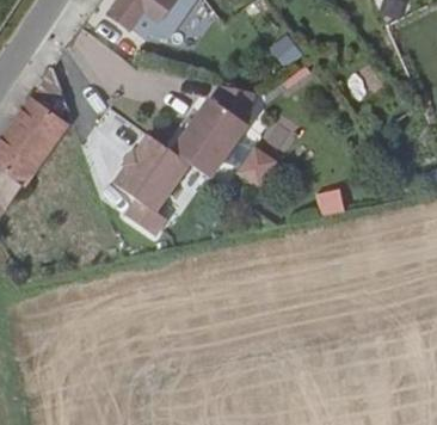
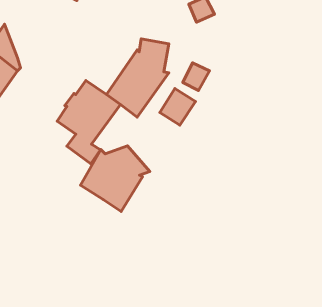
building: none -> [80,146,150,212]

